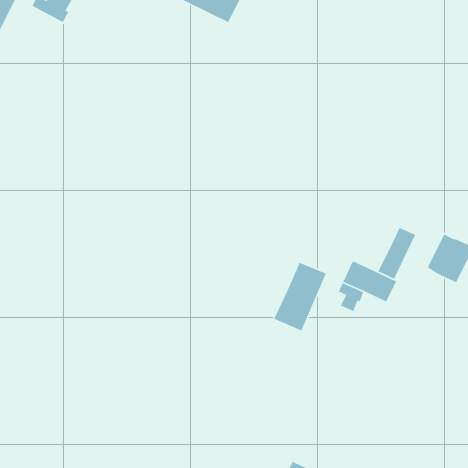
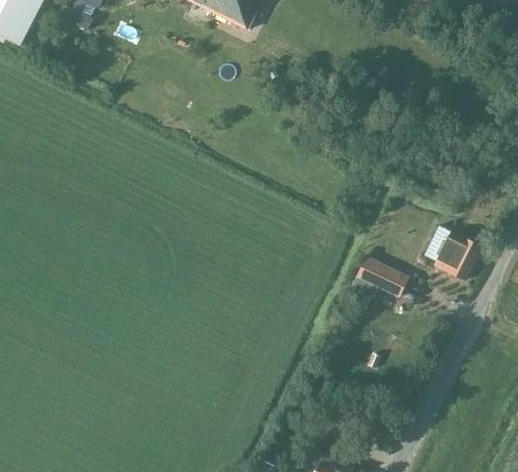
building: [377,227,416,280] -> none
building: [273,262,327,331] -> none

